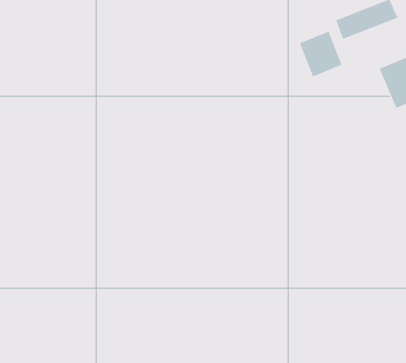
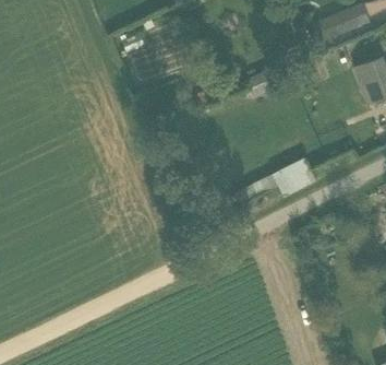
building: [299,31,342,77] -> none

